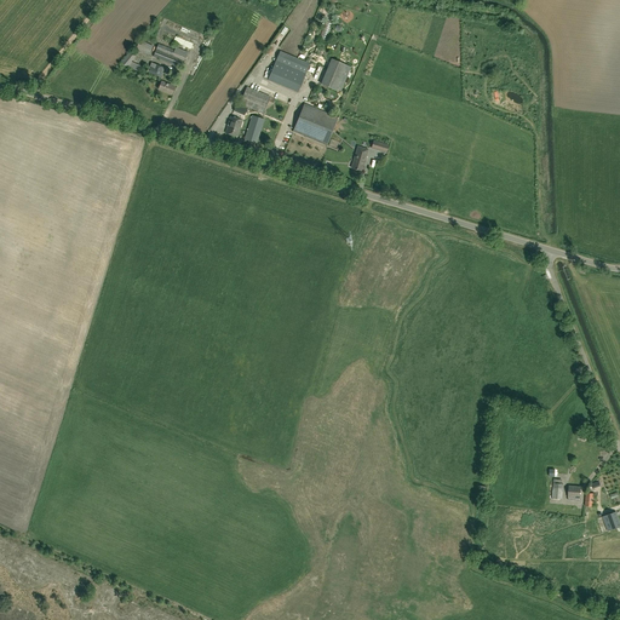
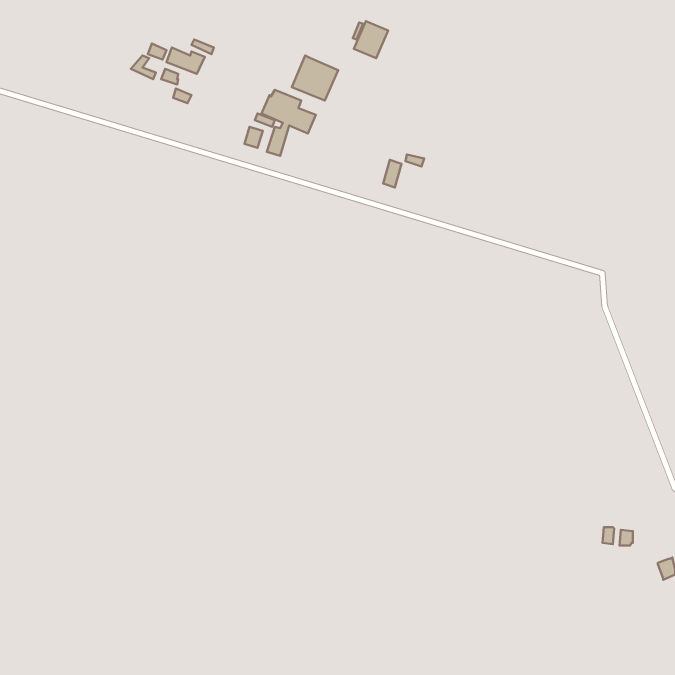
building: [320,58,351,92] -> [354,21,388,58]
building: [293,104,338,145] -> none

